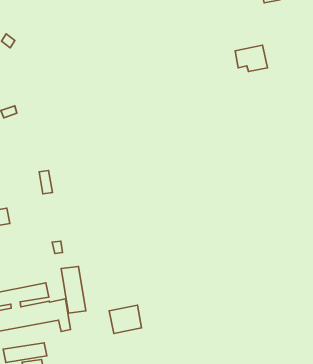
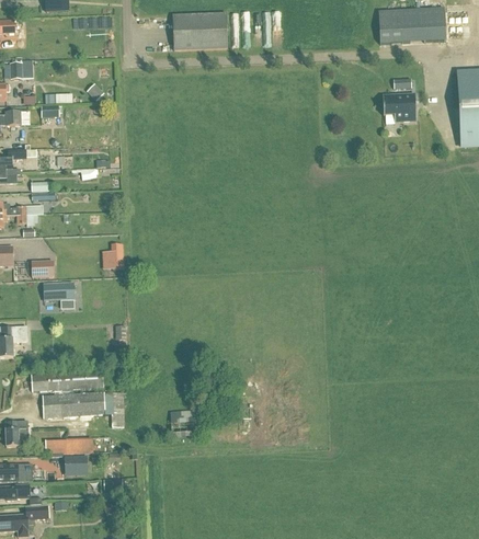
building: [235,45,267,71] -> [383,93,417,121]
building: [61,266,86,313] -> none

